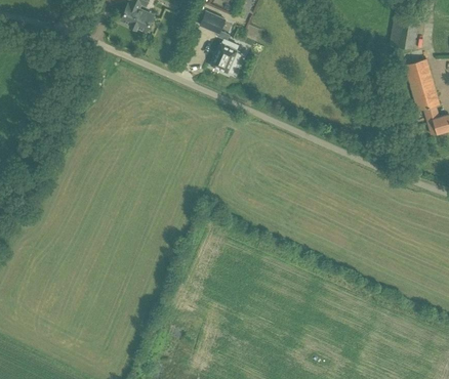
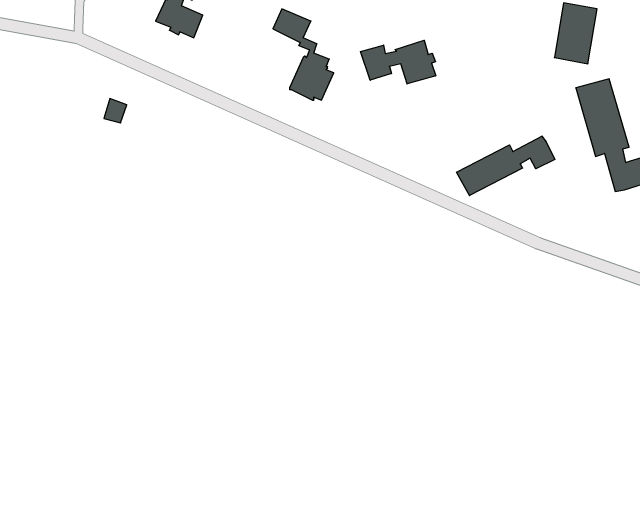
building: none -> [361,40,436,84]
building: none -> [457,136,555,196]

